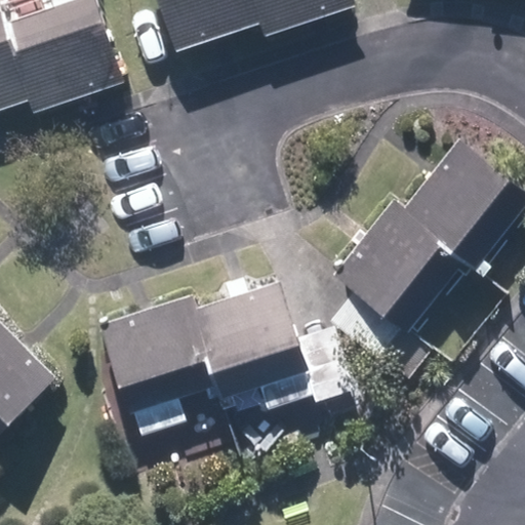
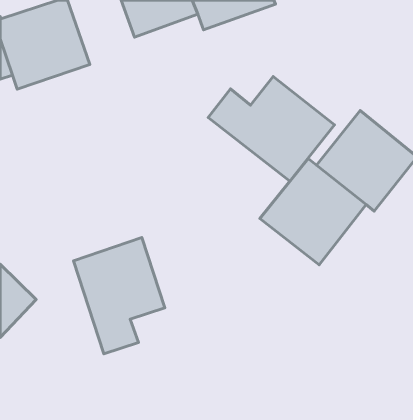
building: none -> [208,77,335,181]
building: [187,282,308,400] -> none

